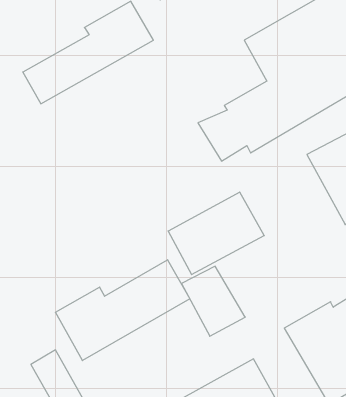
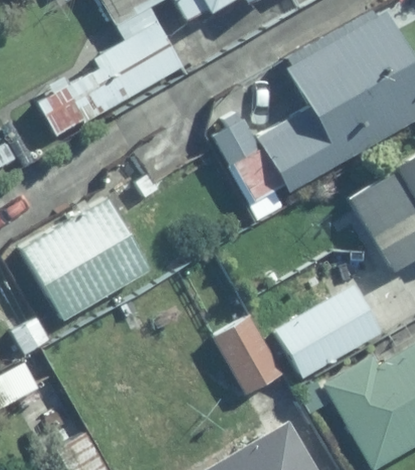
building: none -> [23,199,148,318]
building: [168,192,264,275] -> [275,286,382,377]
building: [55,260,190,361] -> none

